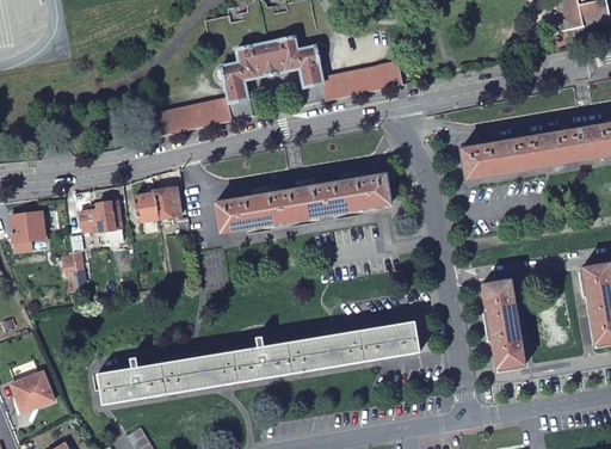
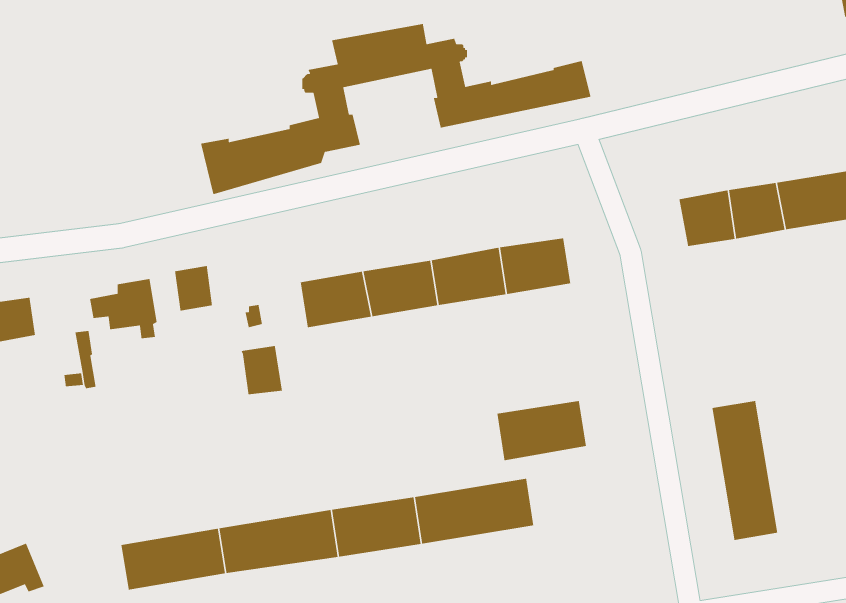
building: [153,186,180,219] -> [240,345,283,395]
building: [360,321,419,361] -> [496,400,587,461]

